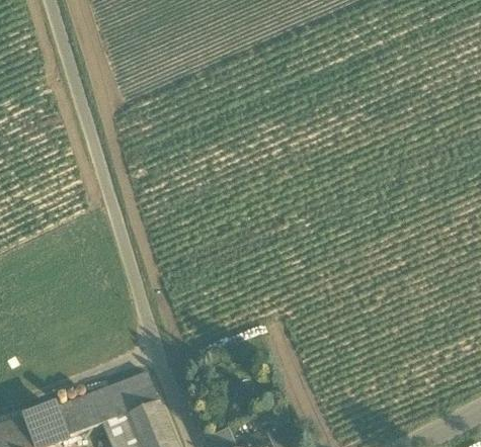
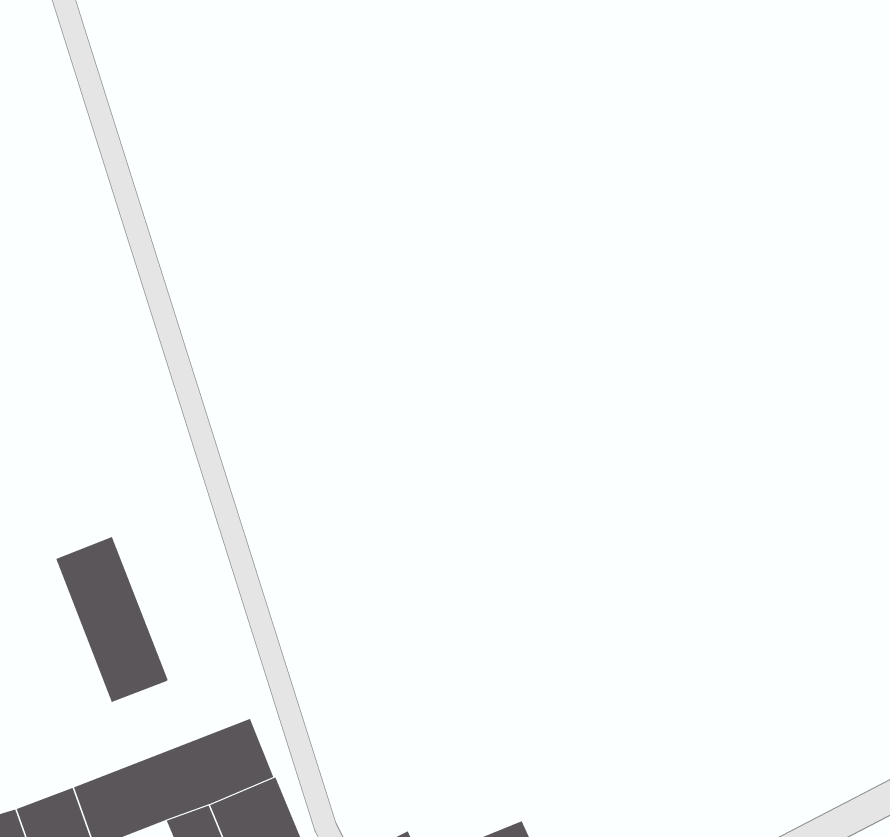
building: none -> [56,536,168,703]

